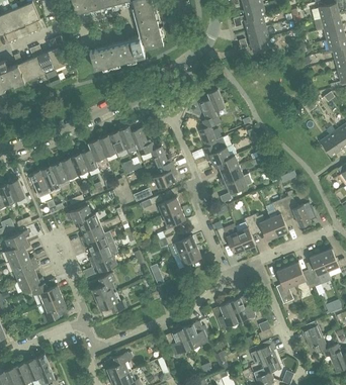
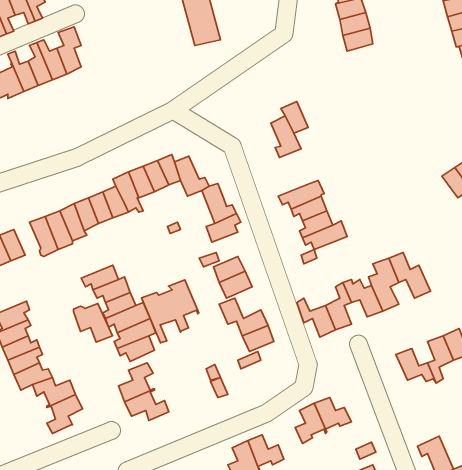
building: [90,38,145,70] -> none
building: [199,126,227,156] -> none
building: none -> [141,280,199,343]
building: none -> [73,303,113,342]
building: [276,267,295,304] -> none

